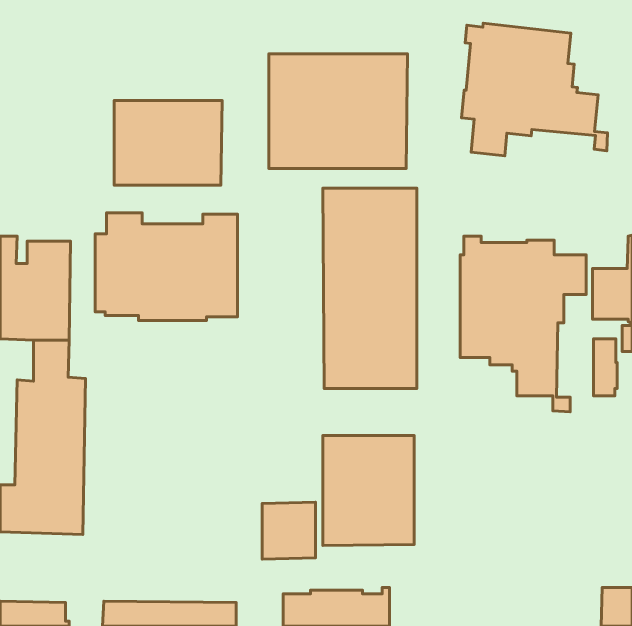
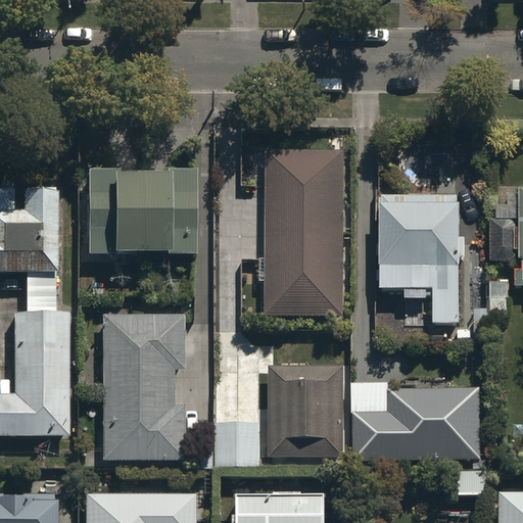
building: [461,23,607,156] -> none
building: [269,54,408,168] -> none
building: [114,100,222,185] -> none
building: none -> [101,318,186,465]
building: none -> [348,374,484,460]

